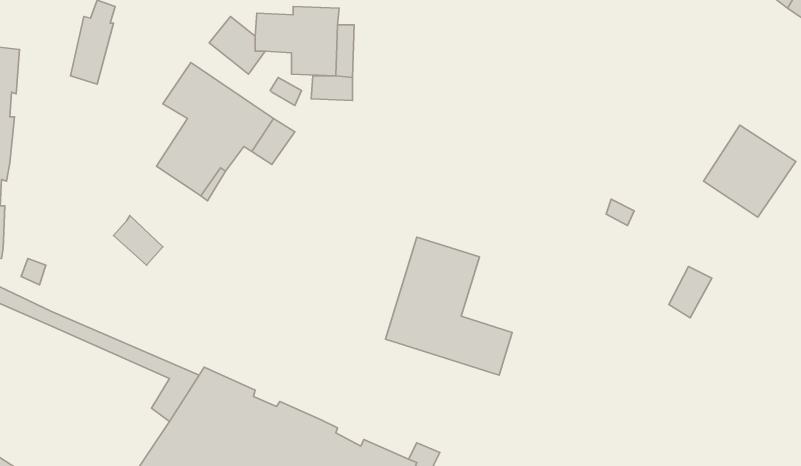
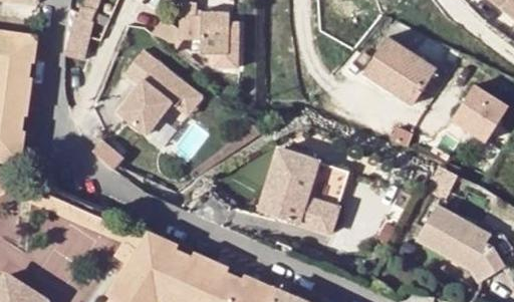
building: none -> [364,37,435,105]
building: none -> [304,164,347,210]
building: none -> [416,205,503,281]

